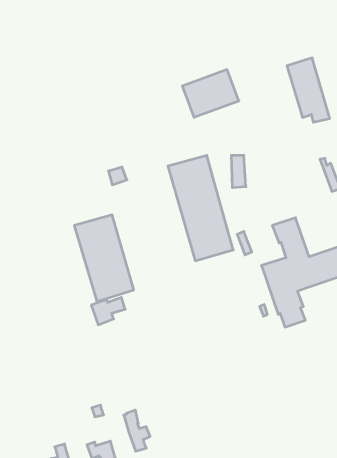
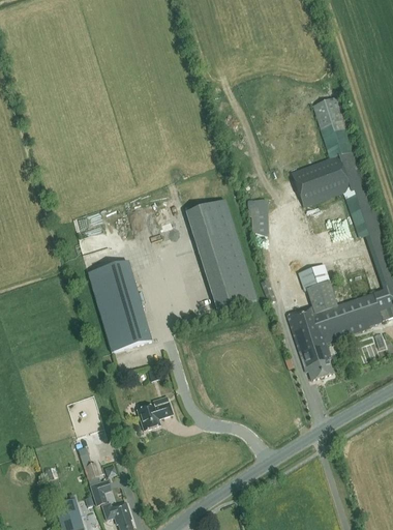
building: [182,70,239,117] -> [291,155,351,206]
building: [91,297,125,325] -> [137,402,173,431]
building: [124,410,150,451] -> [84,462,112,505]

